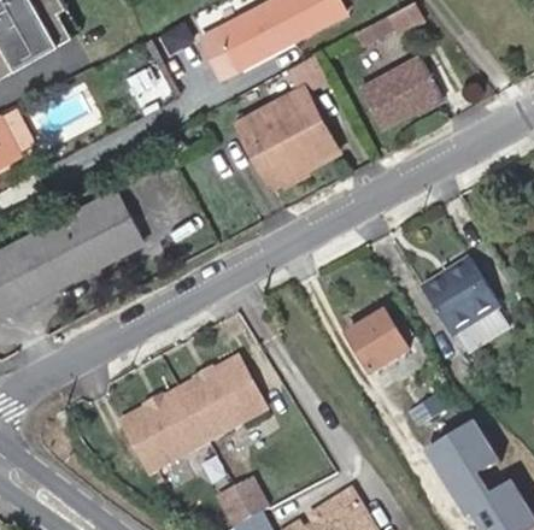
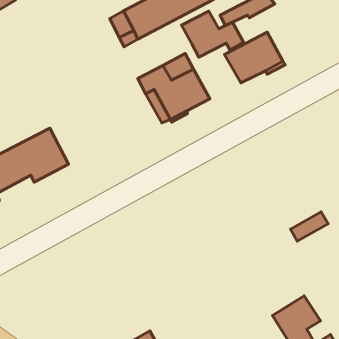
building: none -> [182,11,244,57]
building: [421,252,495,328] -> none
building: [348,312,409,373] -> none
building: [118,359,264,476] -> none

